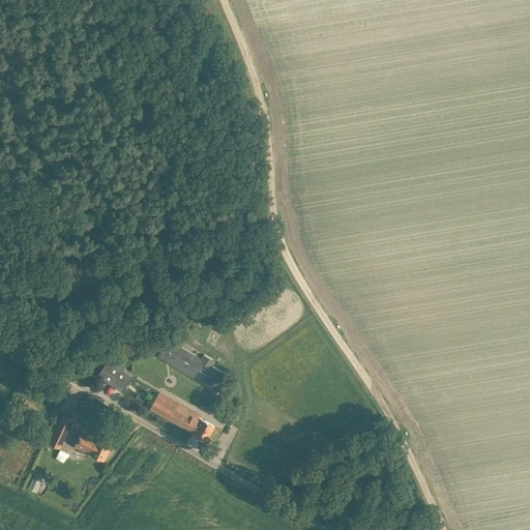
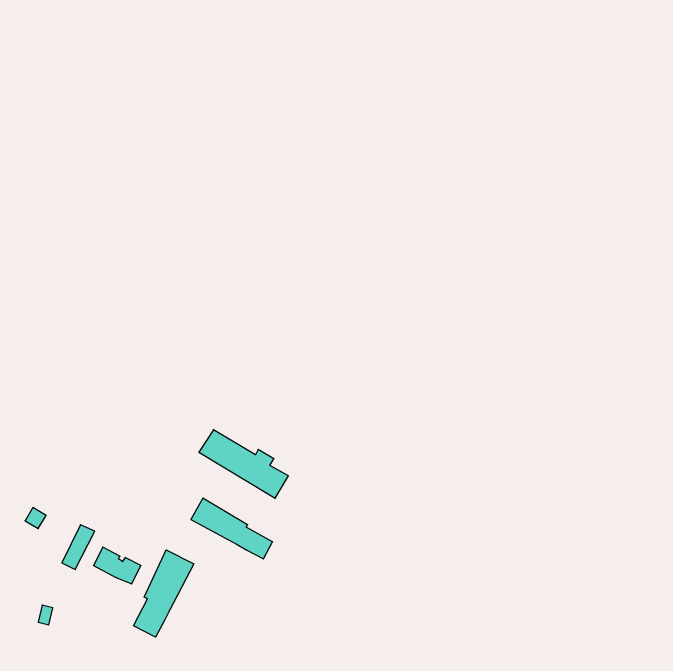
building: [98,359,135,393] -> none
building: none -> [134,550,194,637]

